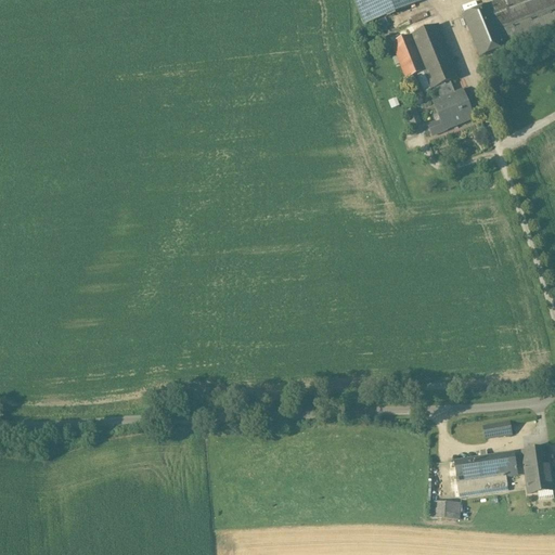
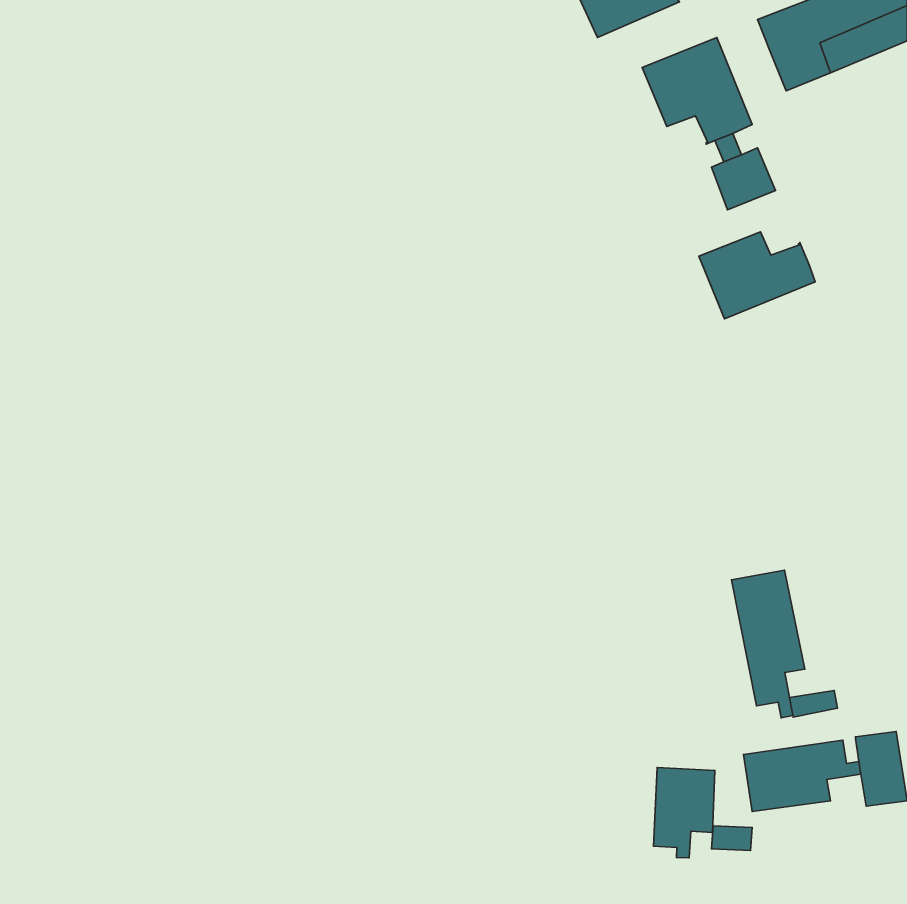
building: none -> [699,232,815,319]
building: none -> [731,570,805,718]
building: none -> [653,767,715,858]

